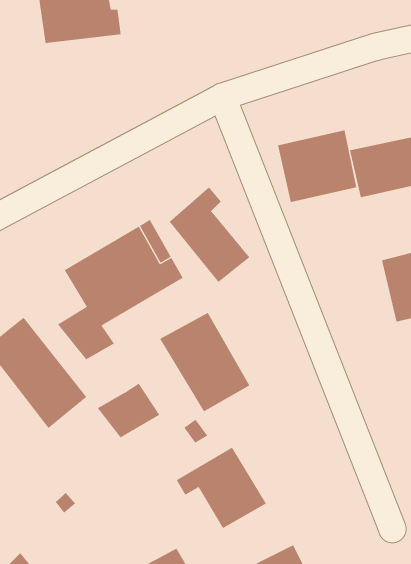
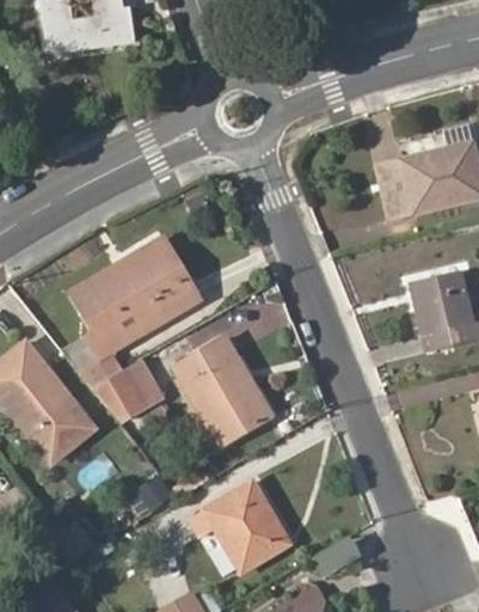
building: [278,129,357,203] -> none
building: [169,187,250,283] -> none
building: [97,383,160,438] -> [94,362,162,422]

